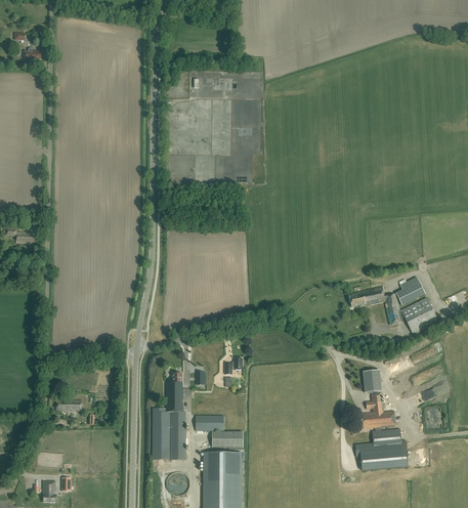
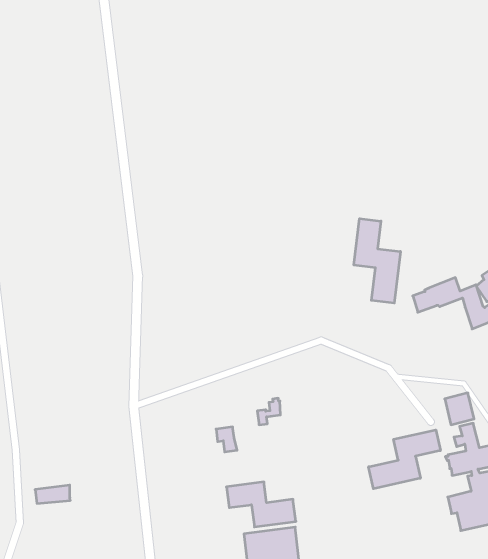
building: none -> [354,219,400,303]
building: [153,373,185,460] -> none
building: none -> [369,430,440,489]

